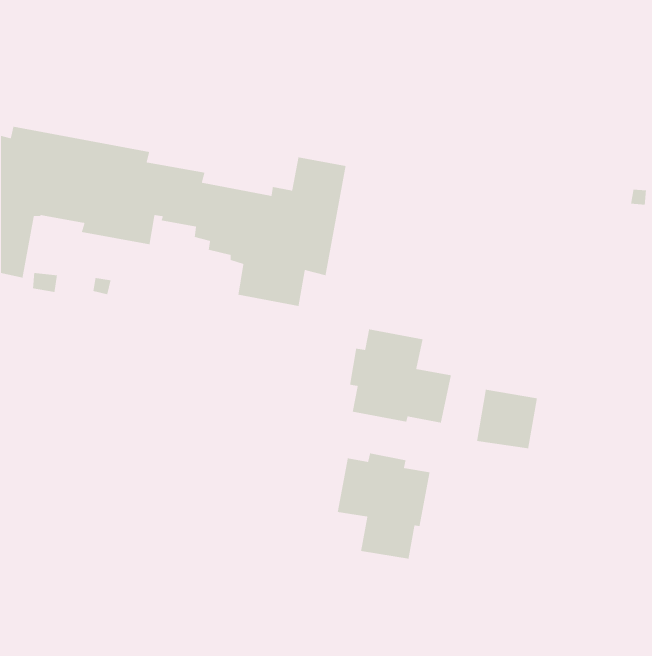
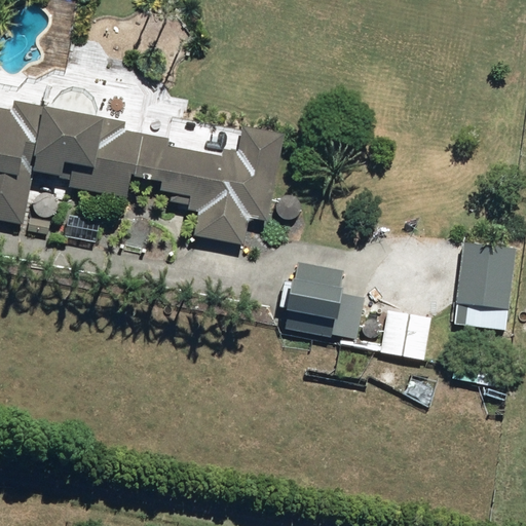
building: none -> [454,241,513,329]
building: [337,452,431,560] -> none

